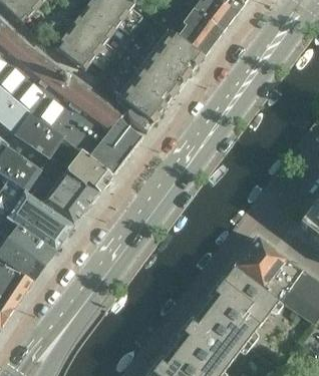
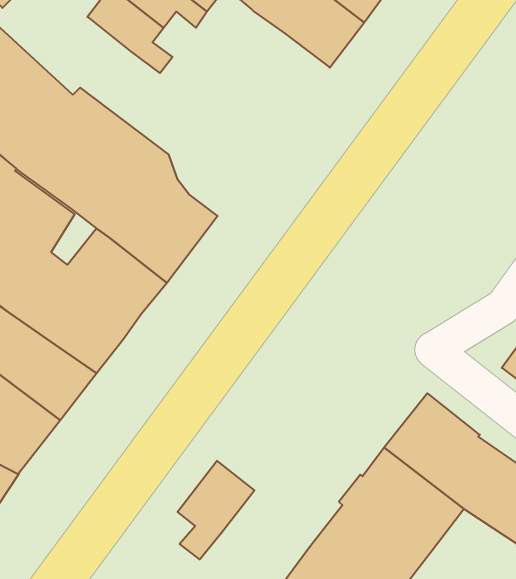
building: [114,25,204,131] -> none
building: [55,28,109,69] -> none
building: none -> [178,461,254,559]

